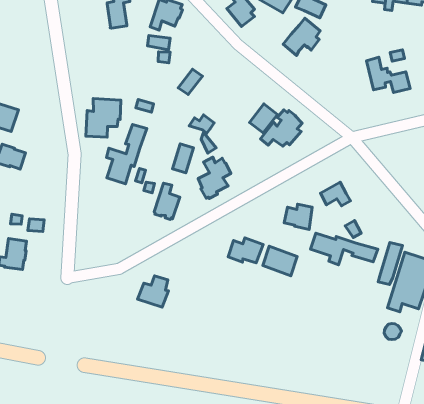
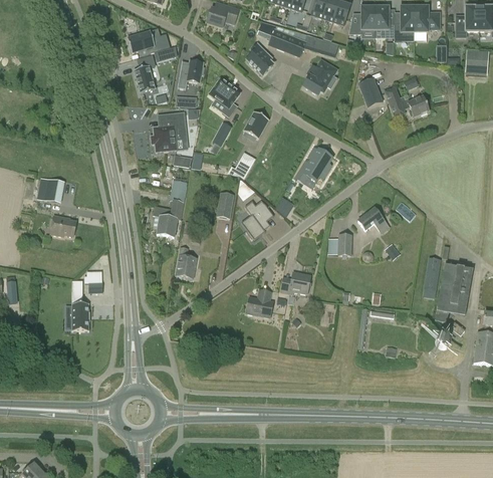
building: none -> [209,78,239,116]
building: none -> [357,77,383,106]
building: [86,99,121,137] -> [154,112,186,151]
building: [250,104,278,133] -> [243,110,268,138]
building: [154,183,180,220] -> [175,246,197,279]
building: [310,233,378,265] -> none
building: [263,246,297,276] -> none
building: [137,276,169,307] -> [245,288,273,316]

